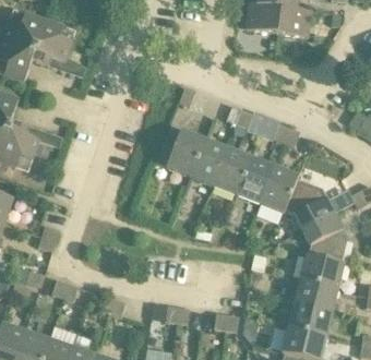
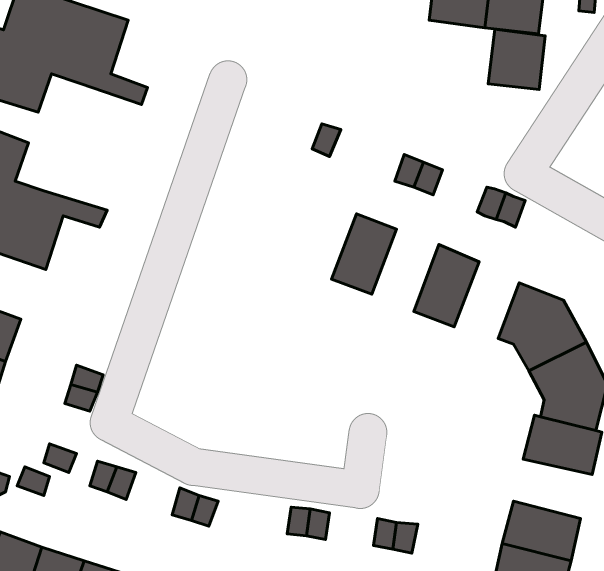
building: none -> [488,29,545,89]
building: [156,130,205,176] -> none
building: [214,147,252,194] -> none
building: [261,166,299,212] -> none
building: [295,278,339,312] -> none

